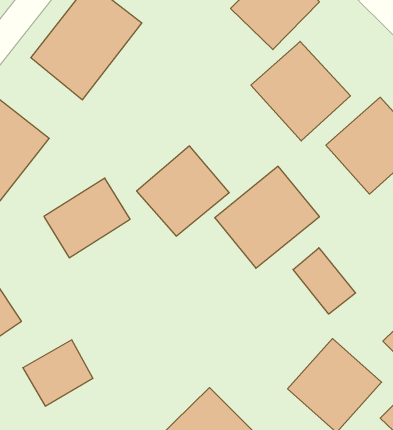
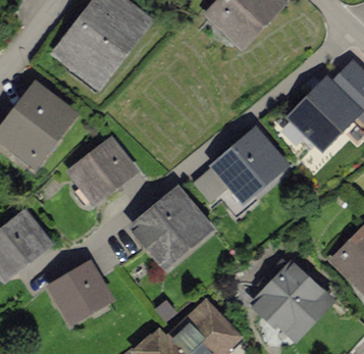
building: [251,41,350,141] -> none
building: [137,146,229,236] -> [139,191,210,260]
building: [293,248,356,314] -> none

